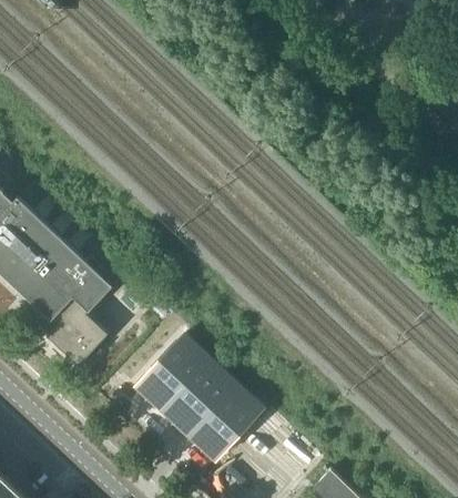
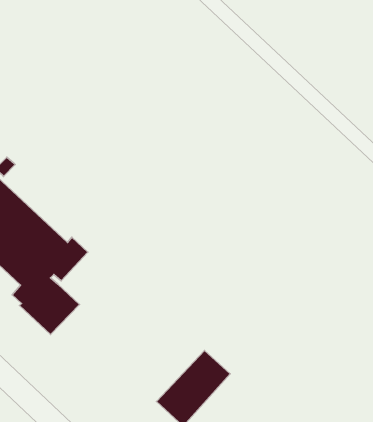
building: [134,334,236,436] -> none

